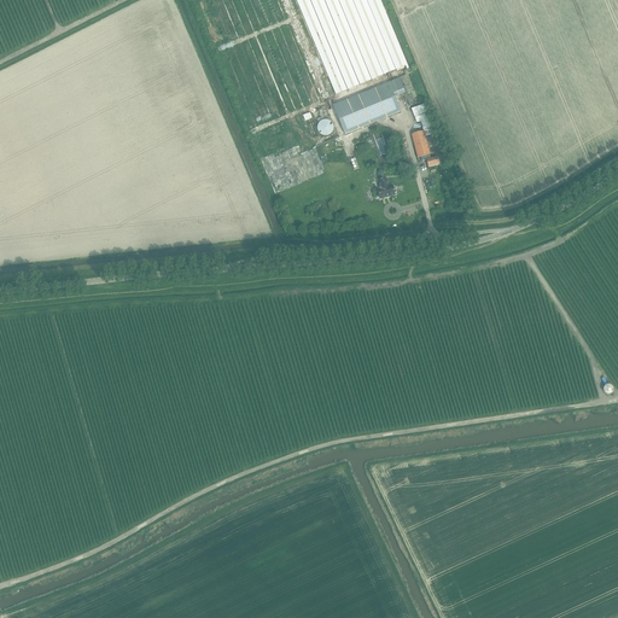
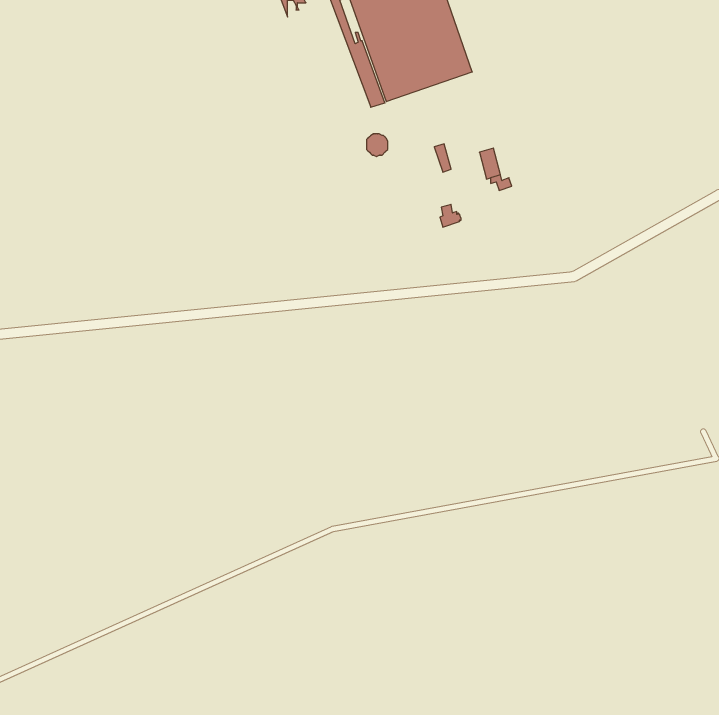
building: [332,78,400,130] -> none

